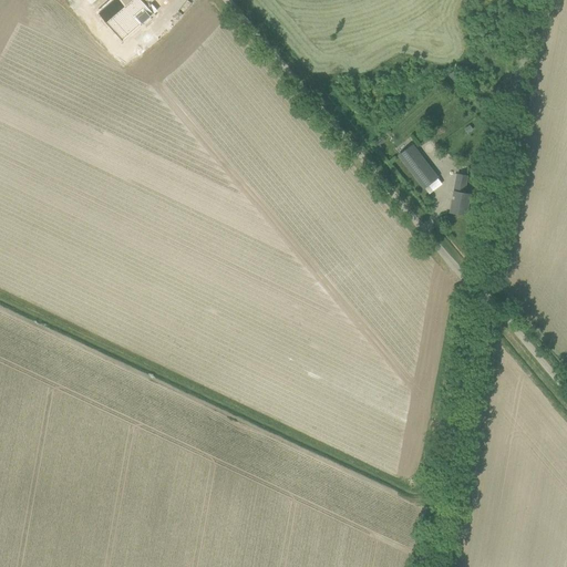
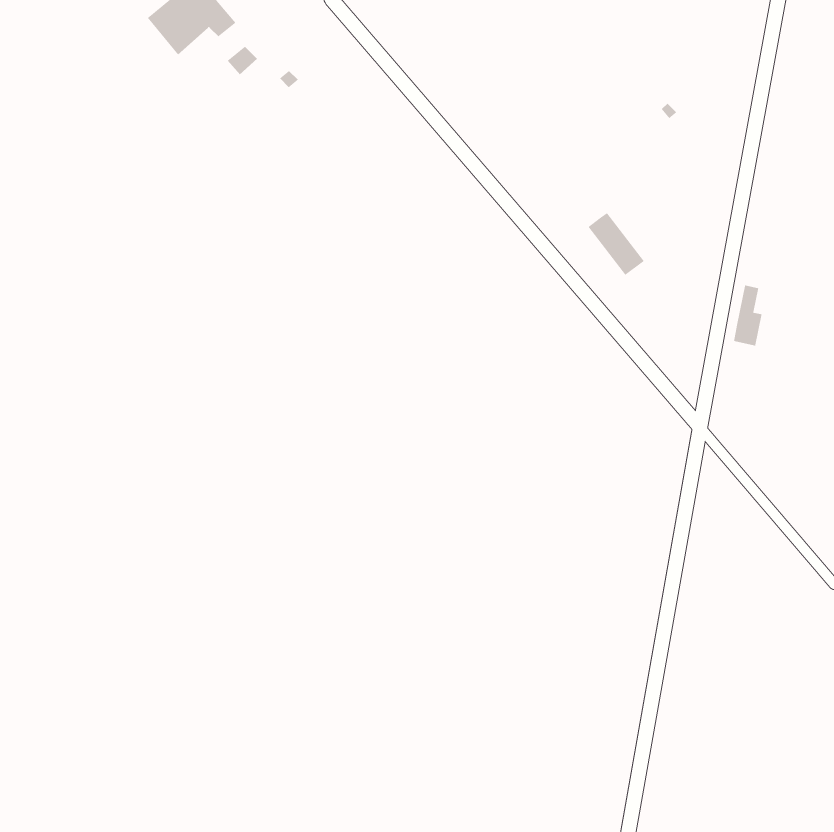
building: [450,173,470,215] -> [733,284,762,346]

